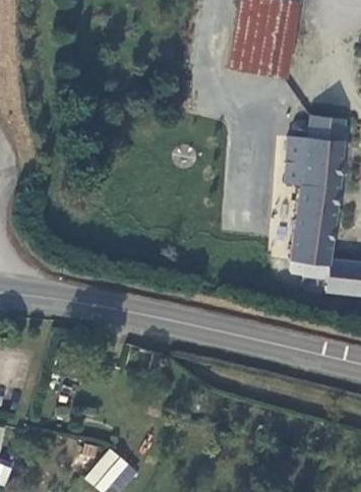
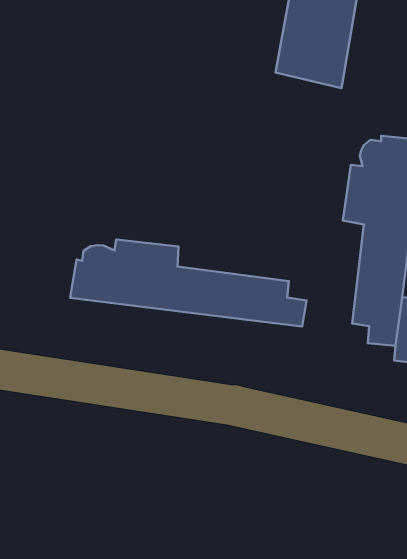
building: none -> [70,239,306,327]

